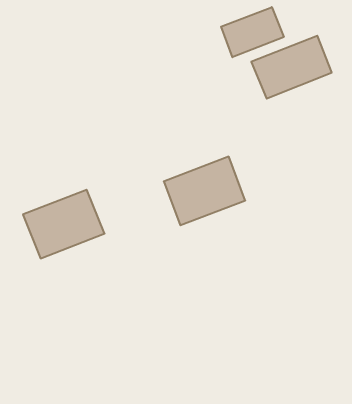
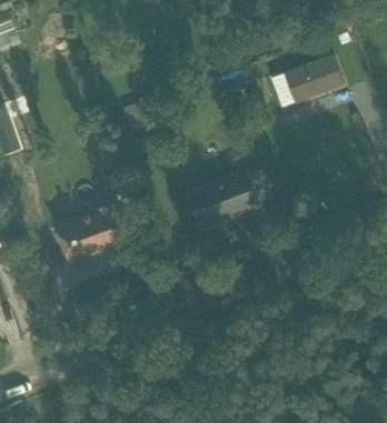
building: [221,7,284,57] -> none

